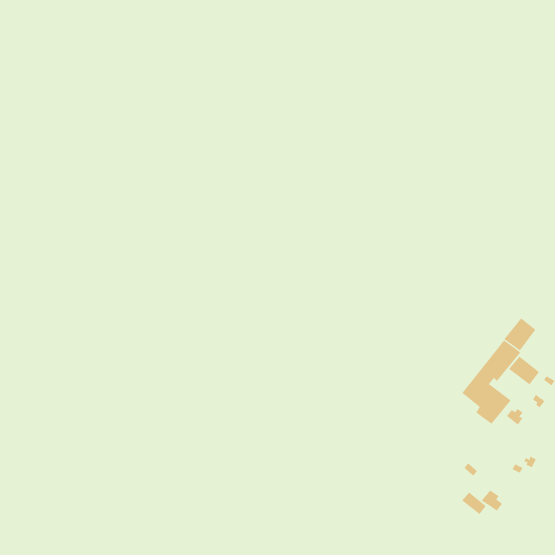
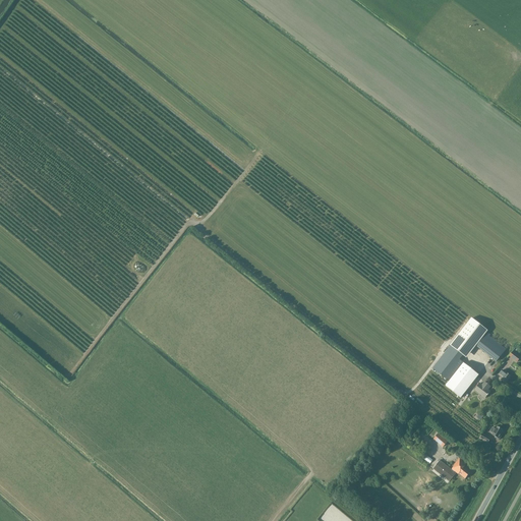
building: [504,317,536,351] -> none

